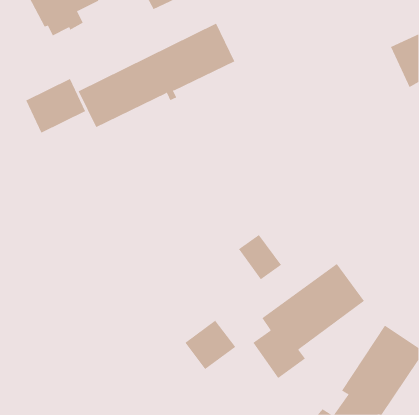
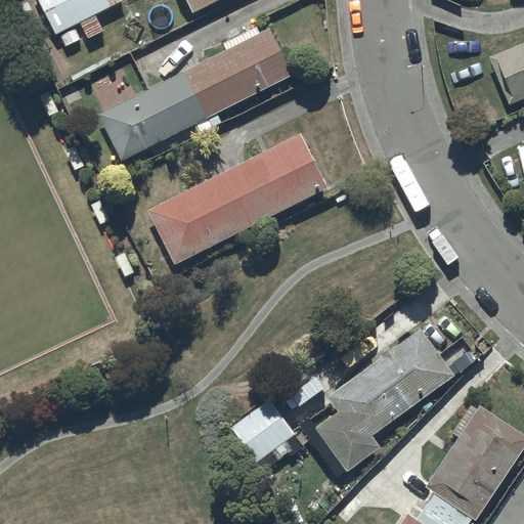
building: [26,78,86,133] -> none
building: none -> [148,134,328,266]
building: [238,234,282,280] -> none

